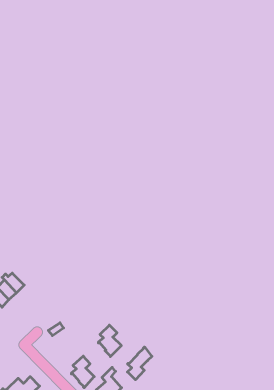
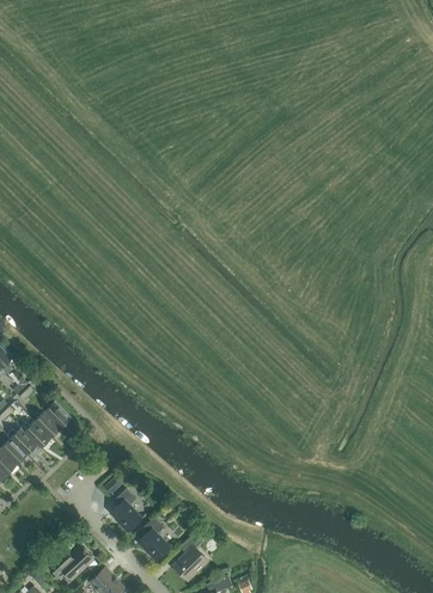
building: [98,325,121,357] -> [110,489,142,533]
building: [127,347,152,380] -> none

